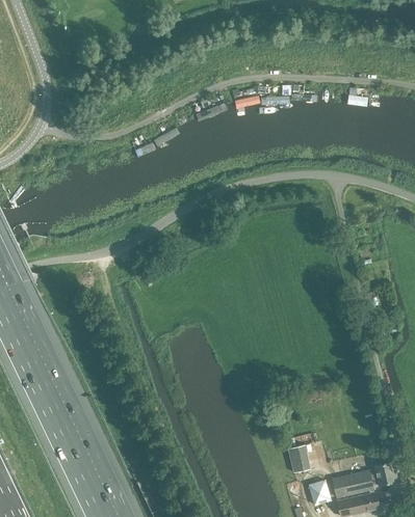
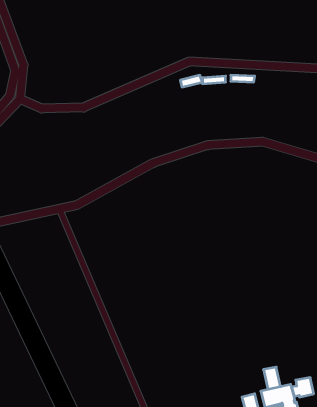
building: [288,445,309,472] -> [263,367,281,389]

